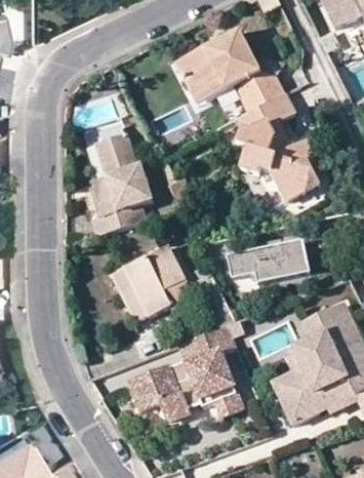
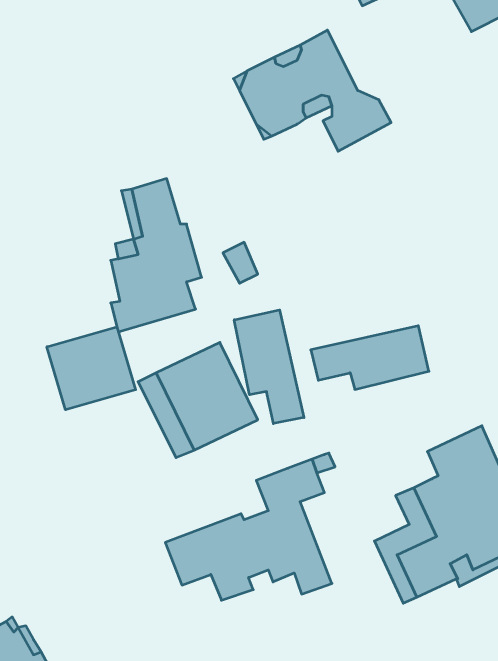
building: [238,99,321,207] -> none
building: none -> [234,310,304,424]
building: none -> [47,327,136,410]

